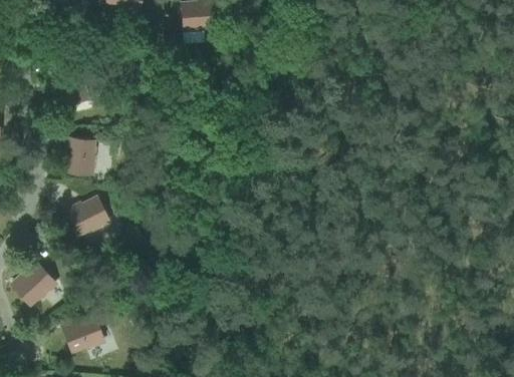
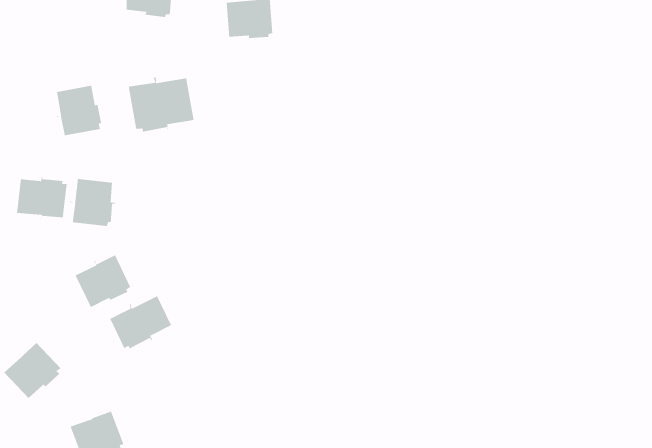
building: none -> [128,77,195,133]
building: none -> [16,176,67,221]
building: none -> [109,295,172,350]

